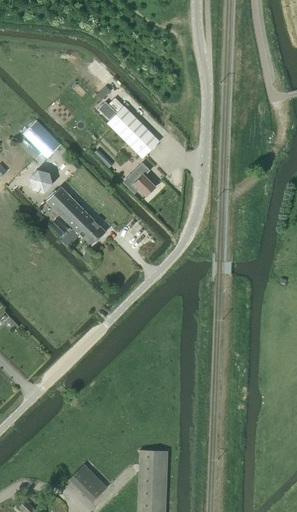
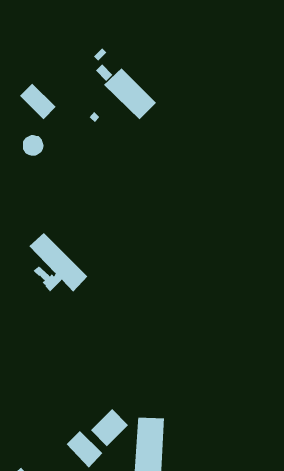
building: [123,163,155,196] -> none
building: [47,187,106,247] -> [29,232,88,293]
building: none -> [90,408,129,447]

